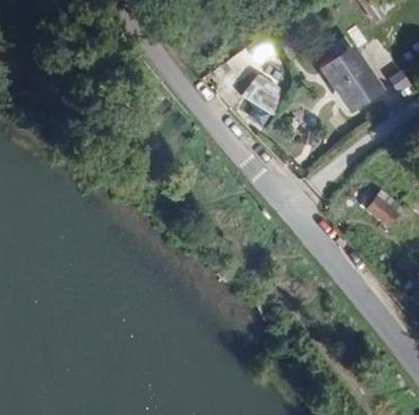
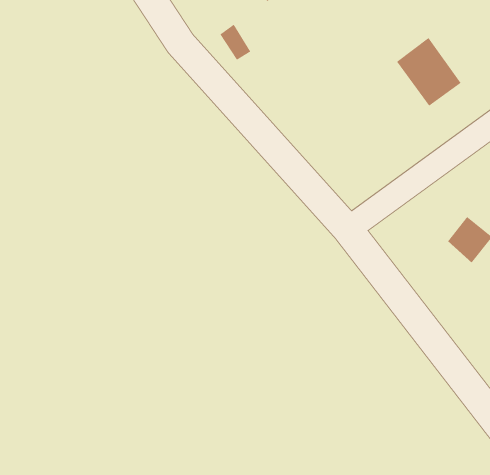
building: [245,68,286,111] -> none

